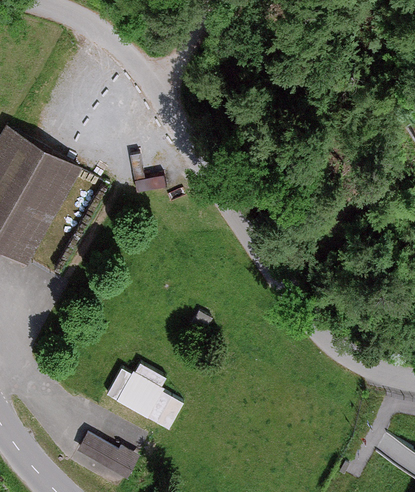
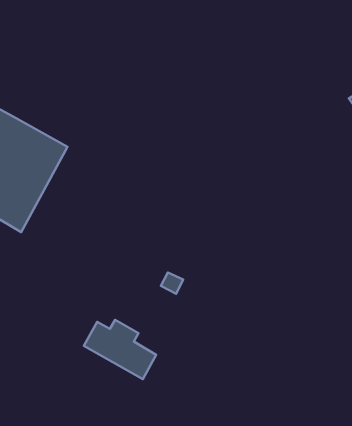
building: [74,432,137,478] -> none

